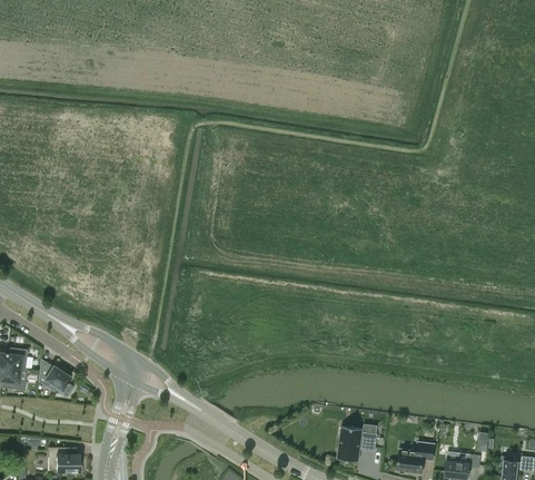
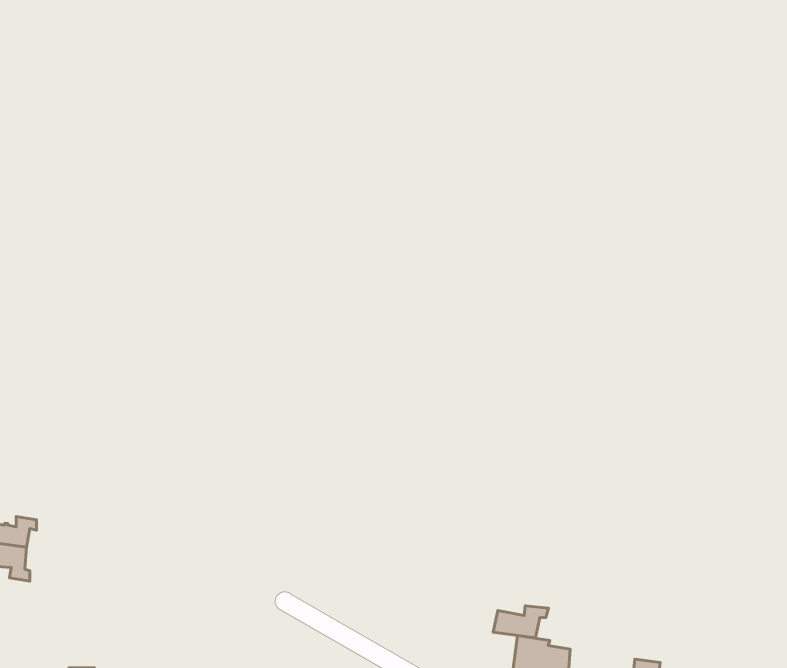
building: [38,360,73,396] -> none
building: none -> [493,606,549,638]

